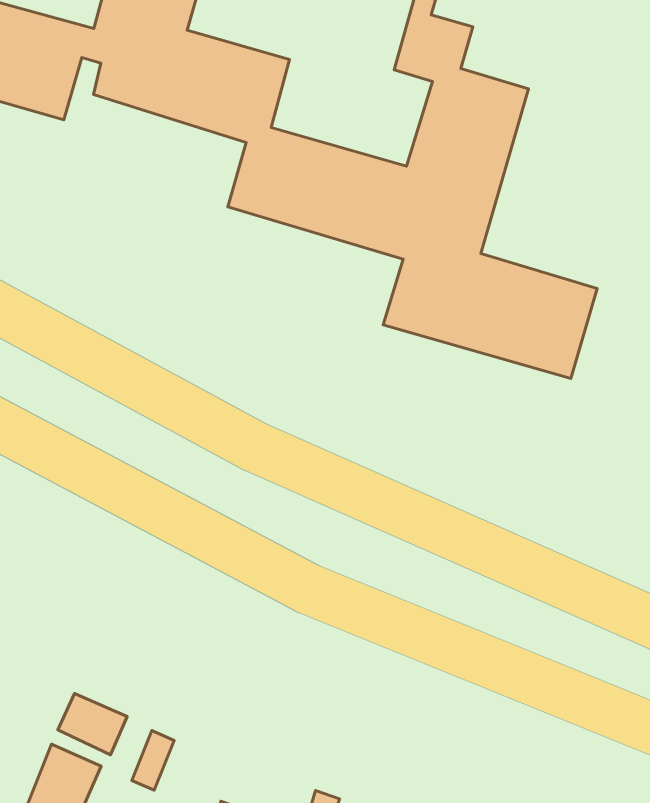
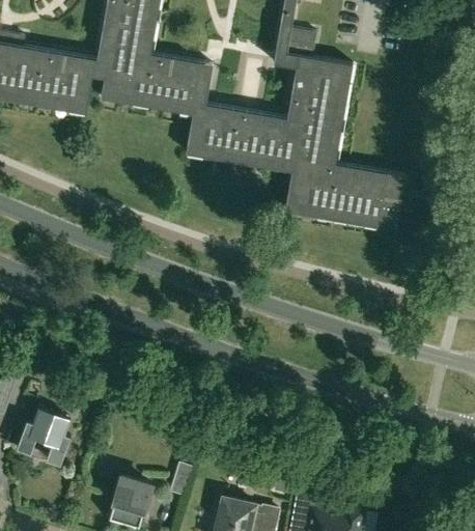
building: [58,694,127,755] -> none

